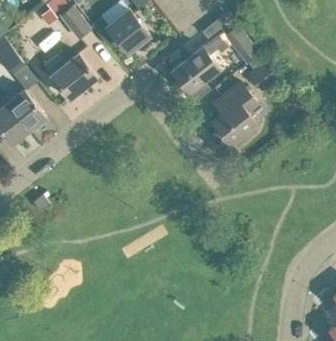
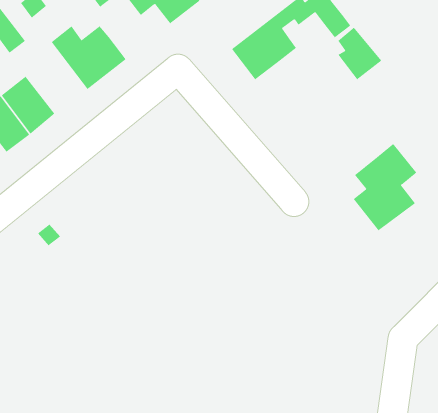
building: [212,82,258,145] -> [353,143,417,231]

